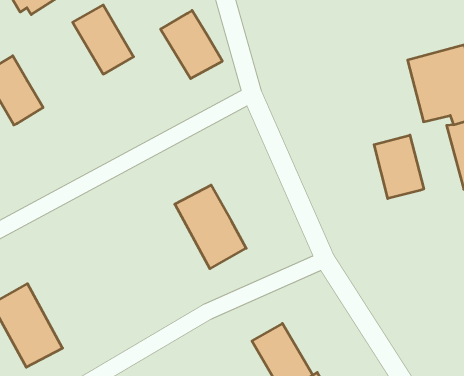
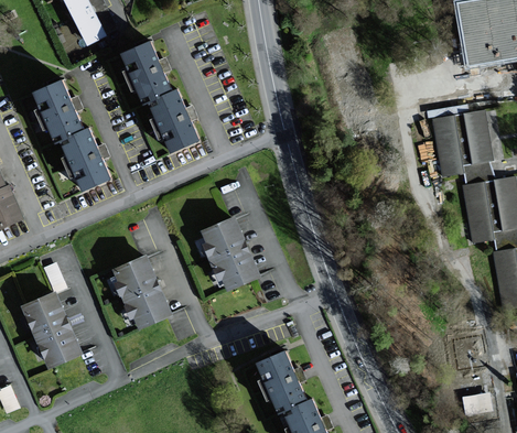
building: [161,10,222,79] -> [148,89,202,152]
building: none -> [61,128,114,191]
building: [374,135,424,199] -> none
building: none -> [110,255,172,332]

